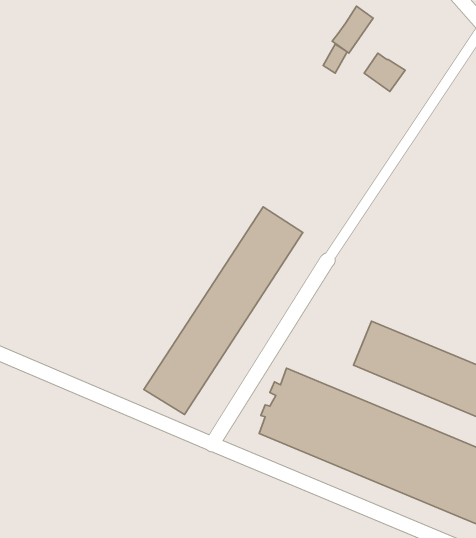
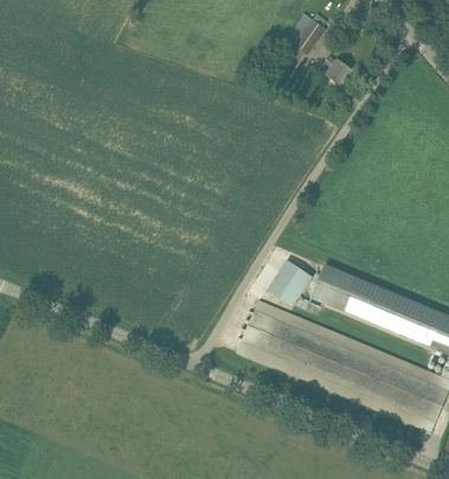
building: [144,207,303,415] -> none
building: none -> [267,259,313,306]

